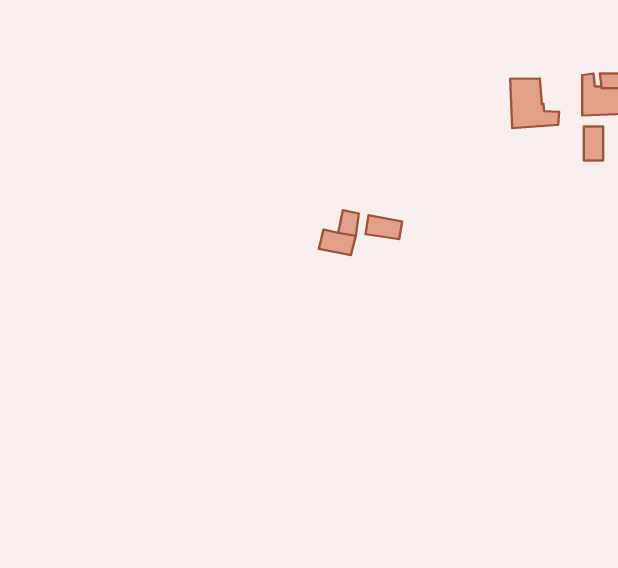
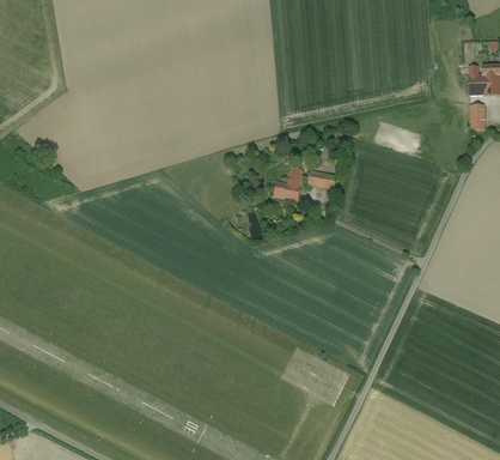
building: [510,79,559,128] -> none

